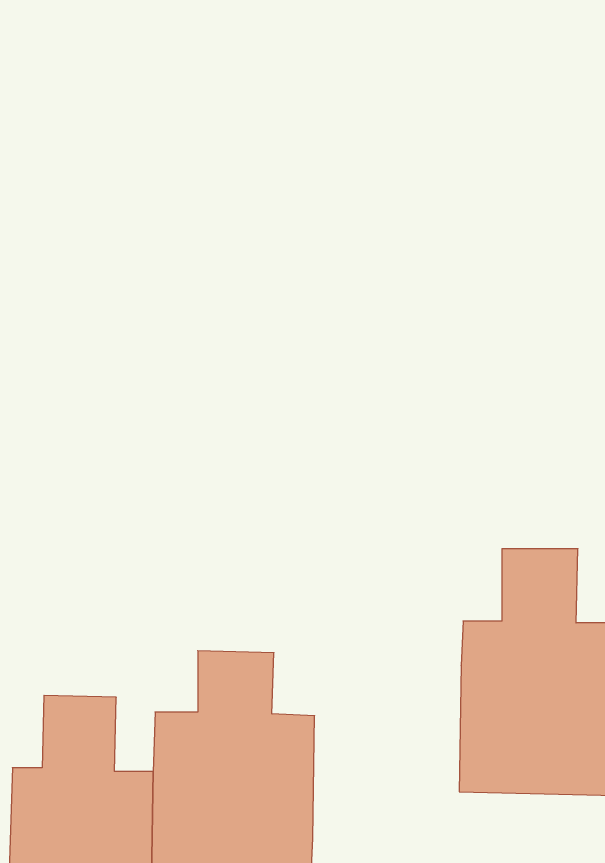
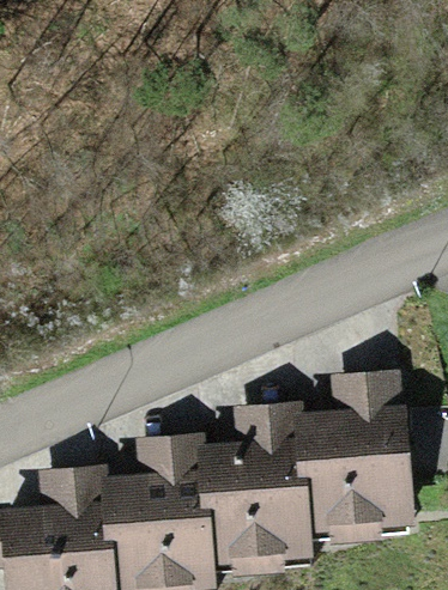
building: none -> [213,408,309,564]

